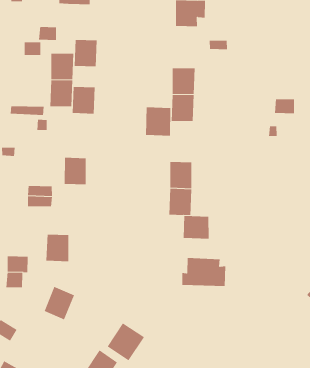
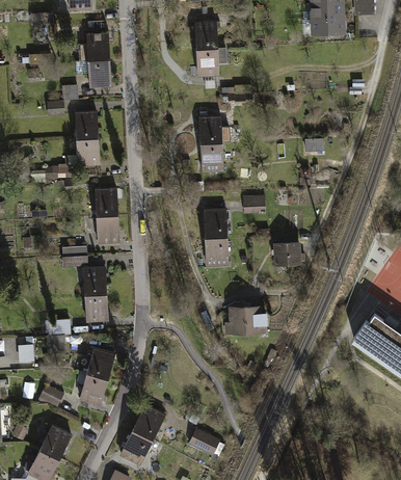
building: [74,39,97,67] -> [87,60,111,88]
building: [72,87,96,114] -> [95,188,118,216]
building: [146,107,171,137] -> none
building: none -> [242,194,266,214]
building: none -> [83,267,107,295]
building: [183,215,209,239] -> [272,240,300,264]
building: none -> [79,373,109,405]
building: [107,323,145,361] -> none

